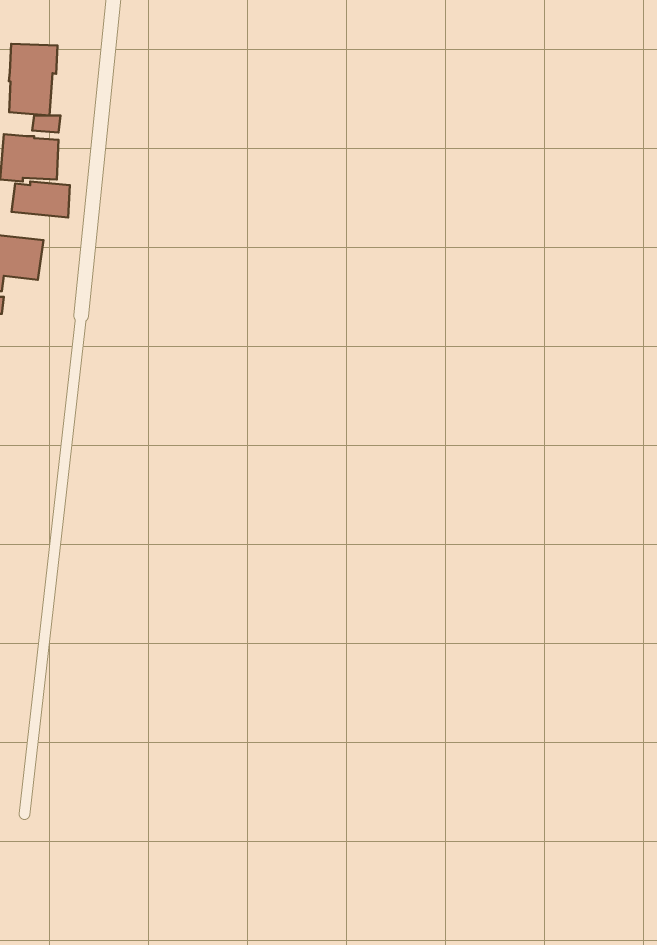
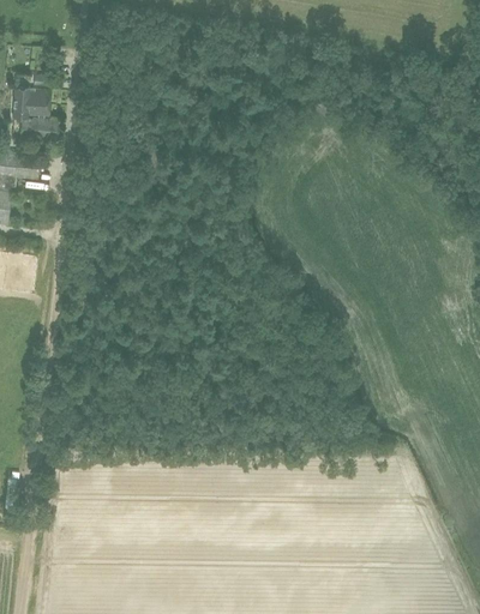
building: [9,44,57,115] -> none

